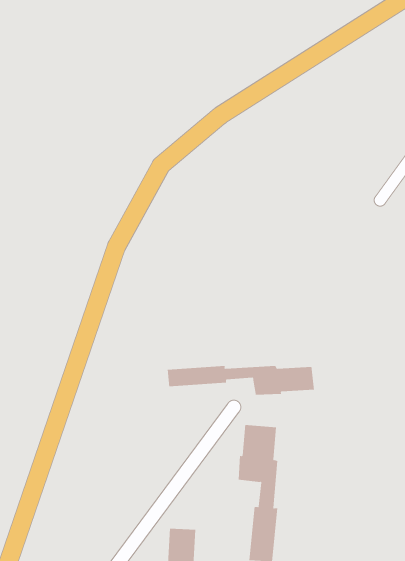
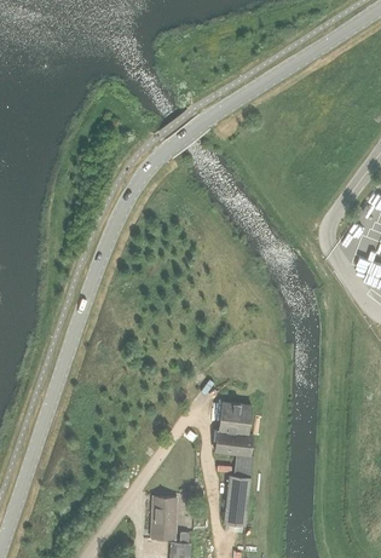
building: [167,365,315,395] -> none

